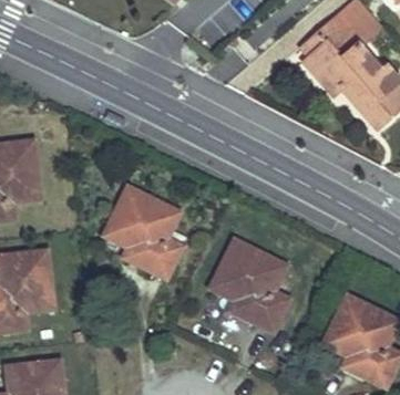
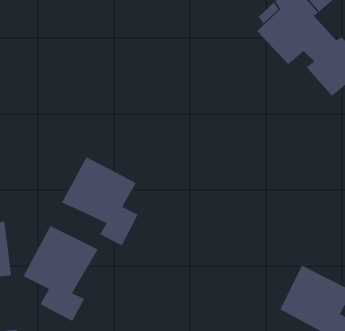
building: [211,240,288,330] -> none
building: none -> [23,225,99,322]

